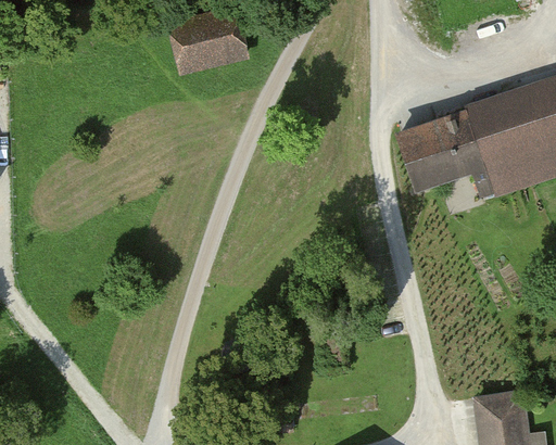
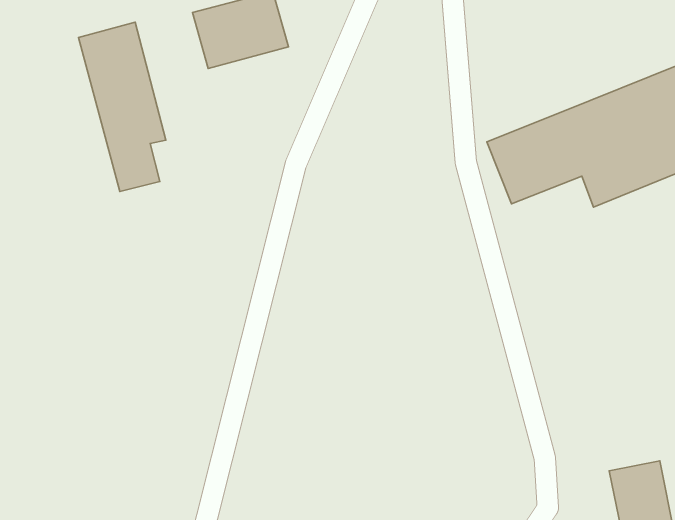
building: none -> [79,22,166,192]

